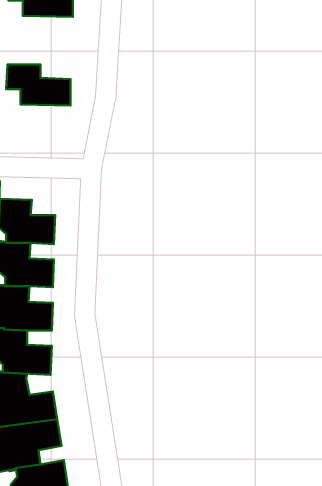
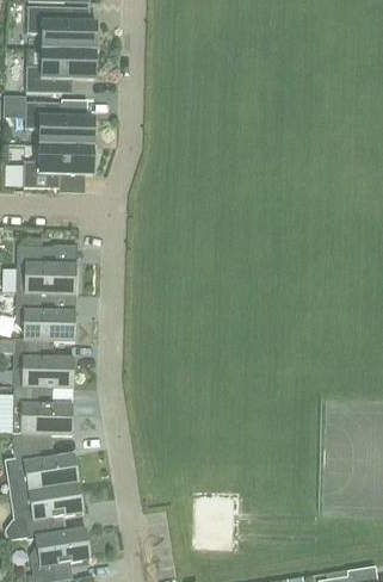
building: none -> [25,48,95,91]
building: none -> [23,143,93,186]

